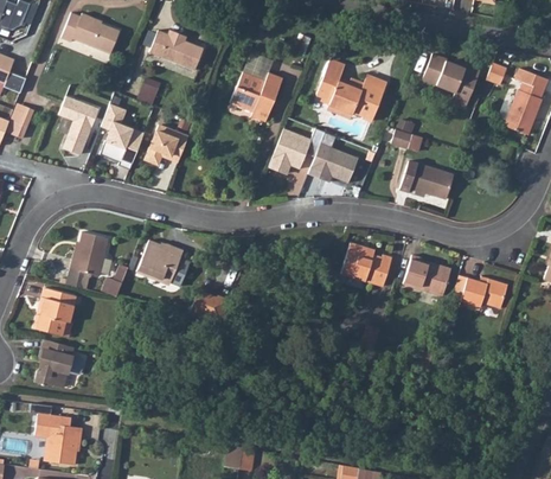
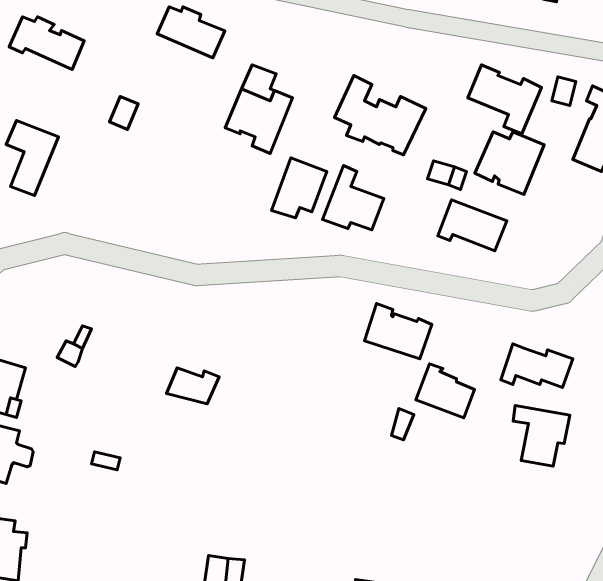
building: [152,37,205,77] -> [157,7,225,58]
building: [103,104,142,164] -> none
building: none -> [475,132,544,195]
building: [143,123,190,167] -> none
building: [63,229,105,286] -> none
building: [137,237,181,277] -> none
building: [405,256,451,299] -> [416,364,474,418]
building: none -> [513,406,570,466]

